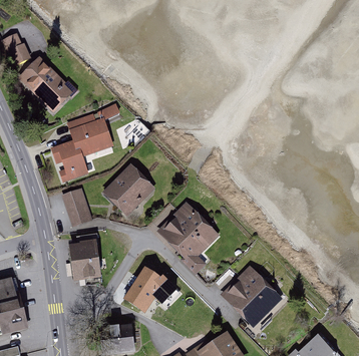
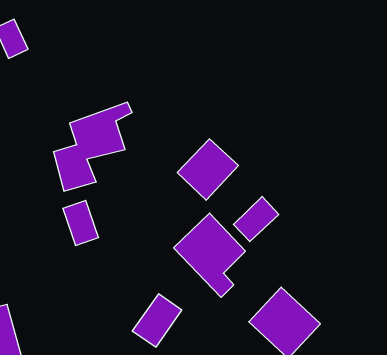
building: [20,55,76,110] -> none
building: [101,162,154,216] -> [177,139,238,200]
building: none -> [233,196,279,242]
building: [69,242,100,281] -> none

